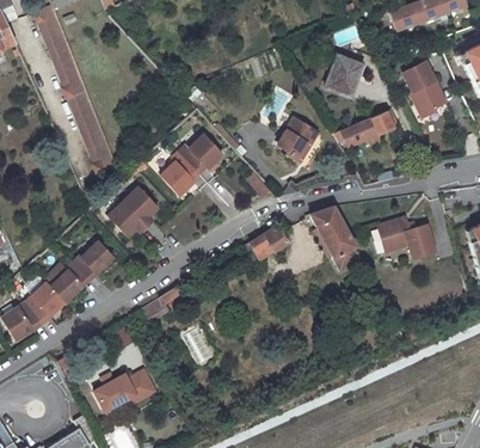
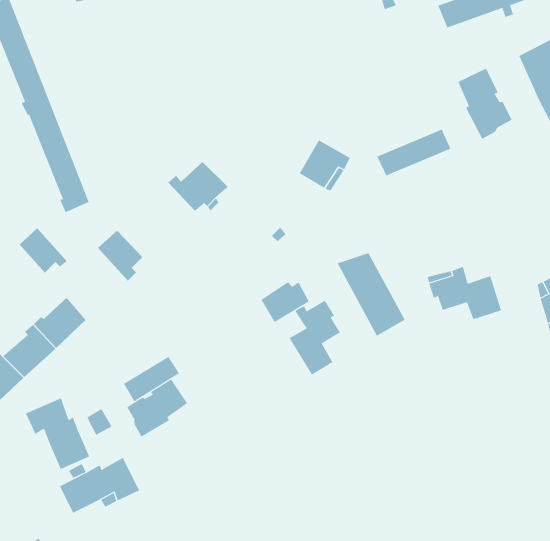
building: [325,55,363,96] -> none
building: [159,151,198,197] -> none
building: [107,202,146,238] -> [19,228,68,273]
building: none -> [289,300,340,375]
building: none -> [126,378,188,438]
building: none -> [25,398,90,470]

